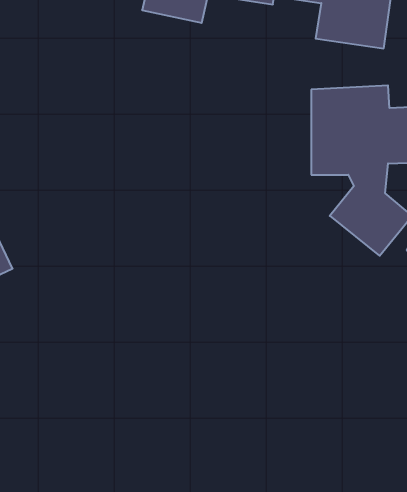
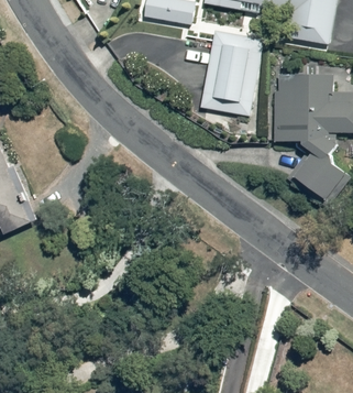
building: none -> [200,34,256,116]

